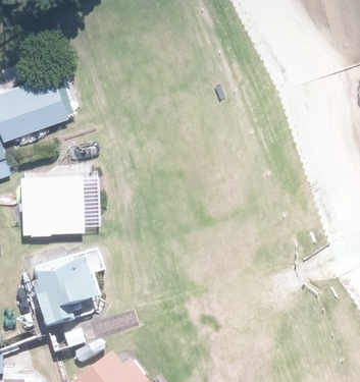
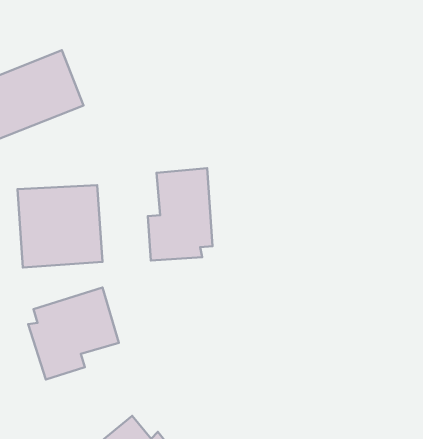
building: none -> [148,168,213,260]

